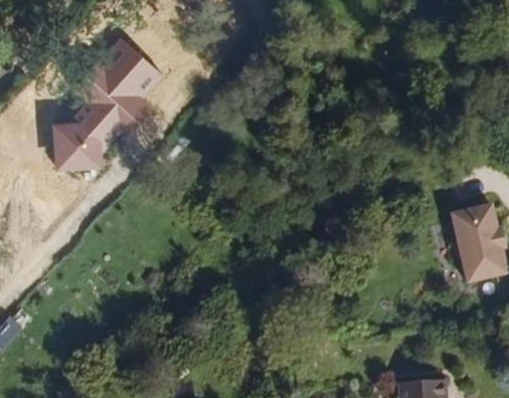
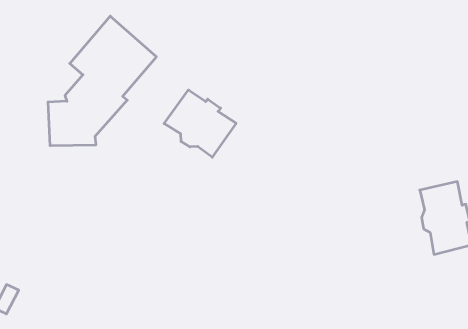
building: none -> [164,90,236,157]

